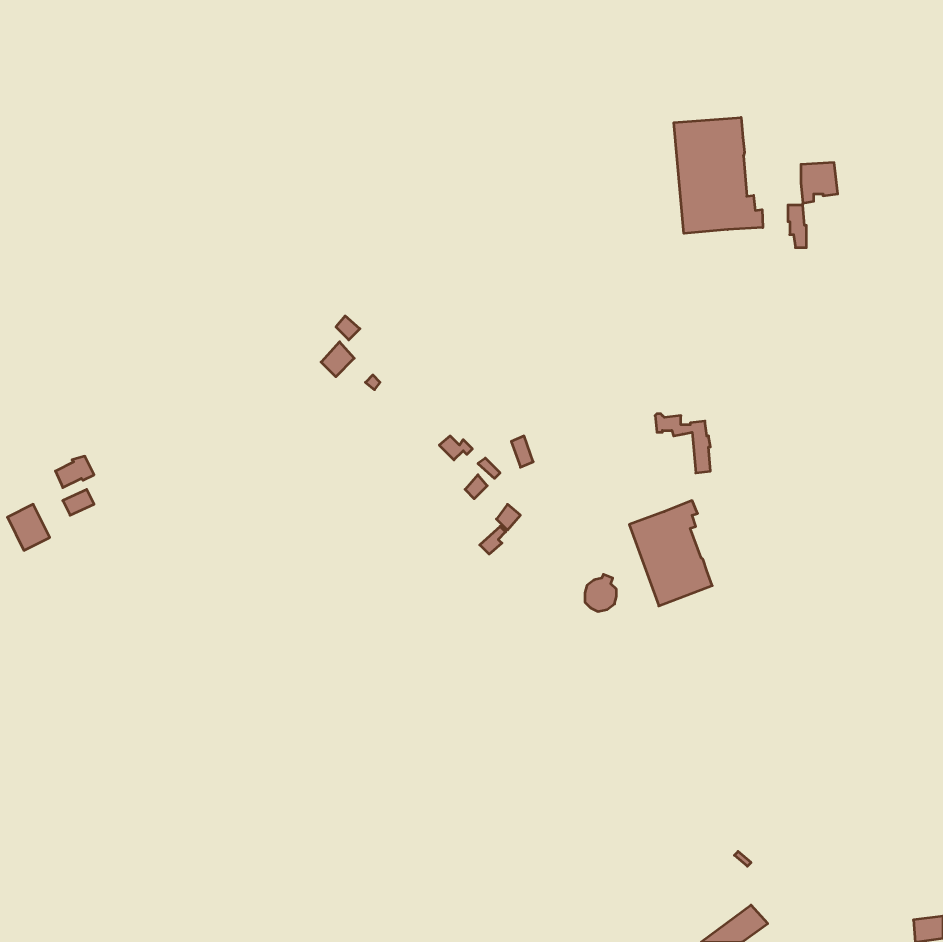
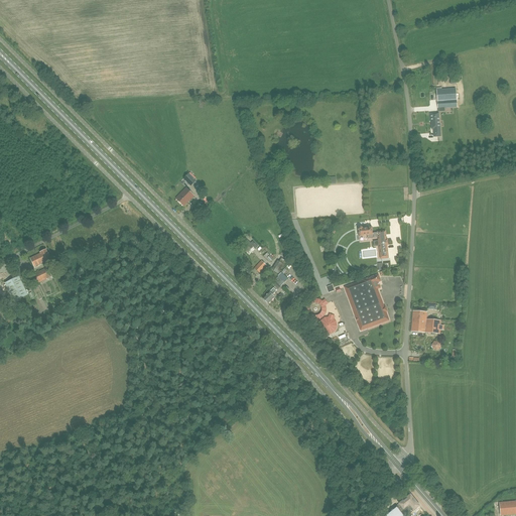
building: [674,117,763,233] -> none
building: none -> [411,309,440,333]

